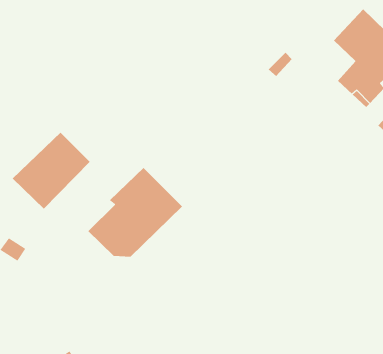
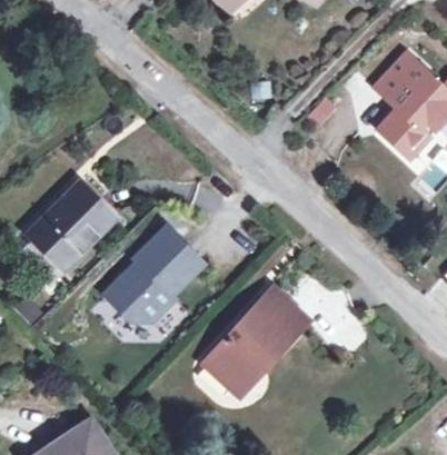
building: none -> [205,288,307,394]

